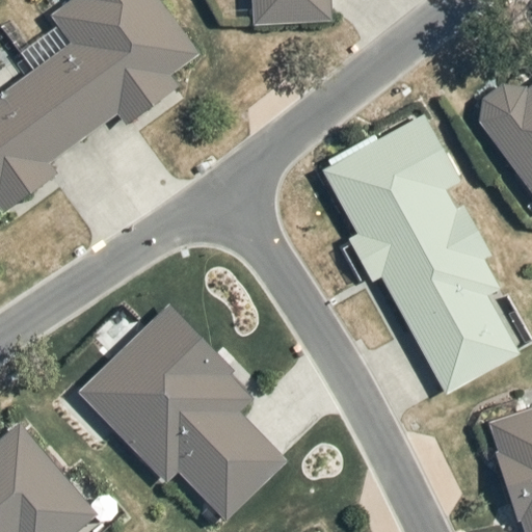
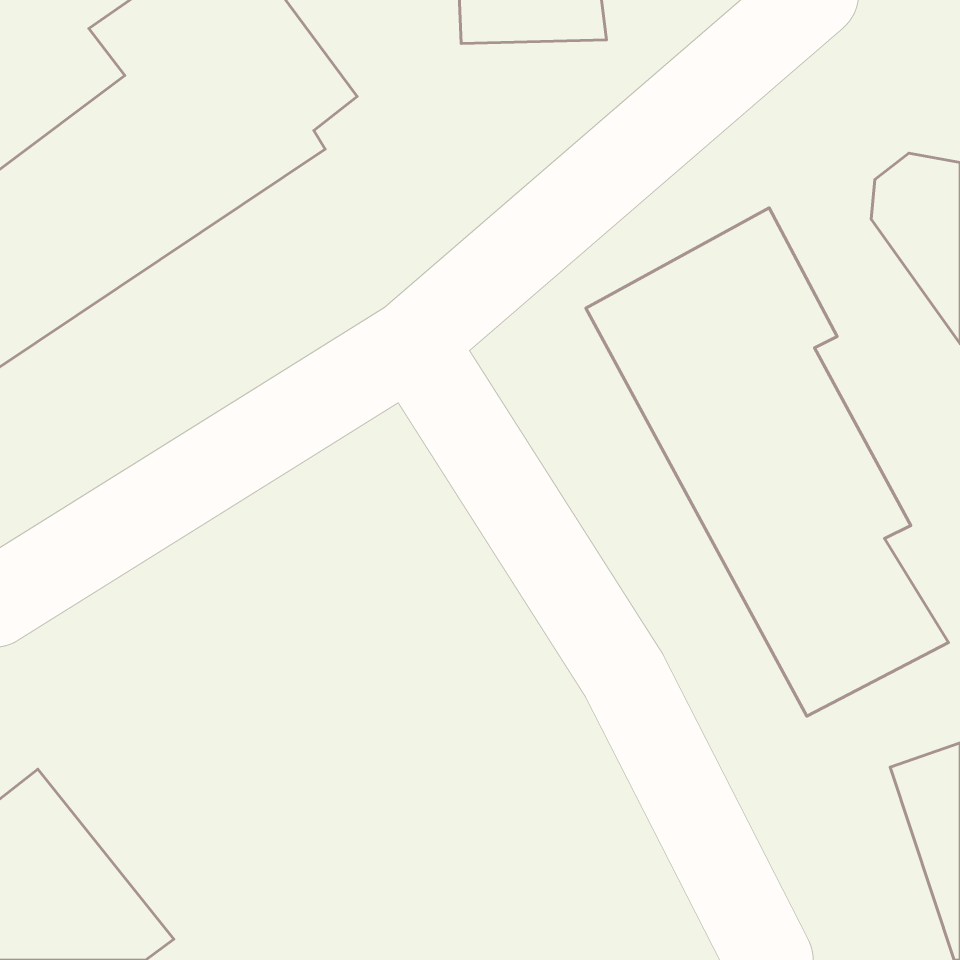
building: [77,301,288,521] -> none

